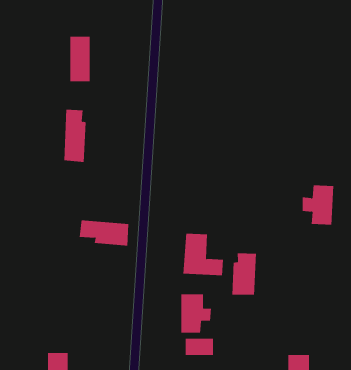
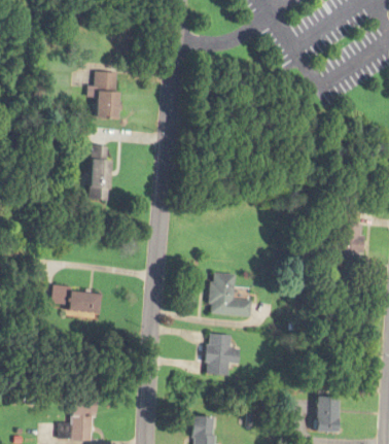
building: [79,220,129,246] -> [50,288,102,315]
building: [232,252,256,295] -> none
building: [185,338,214,356] -> none

